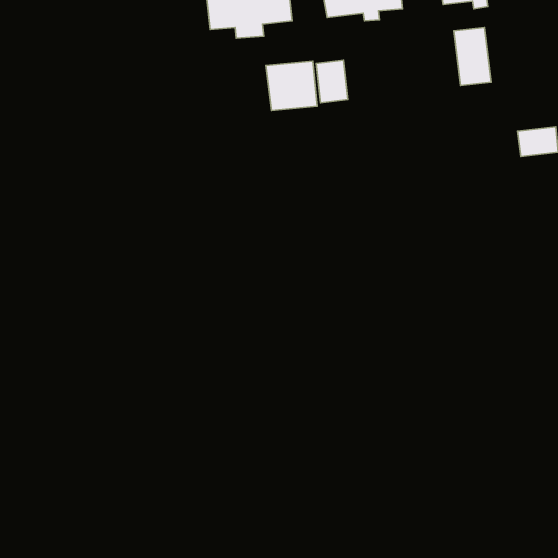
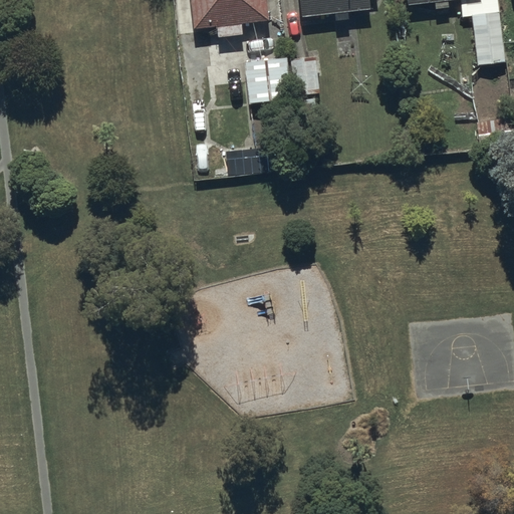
building: [454,28,491,86] -> [471,10,505,63]

